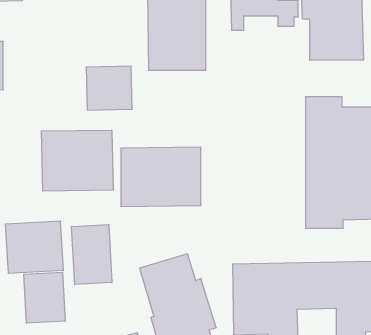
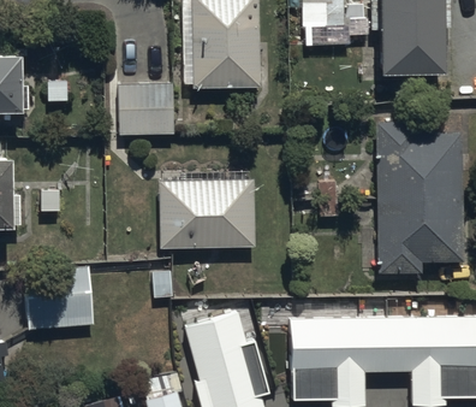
building: [41,130,113,191] -> none
building: [72,224,112,285] -> none
building: [24,272,65,323] -> none

